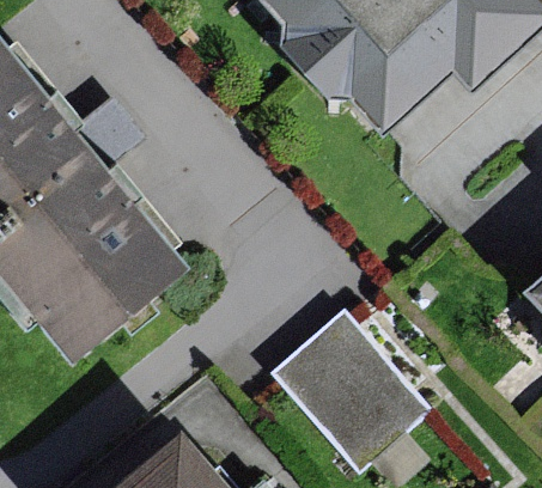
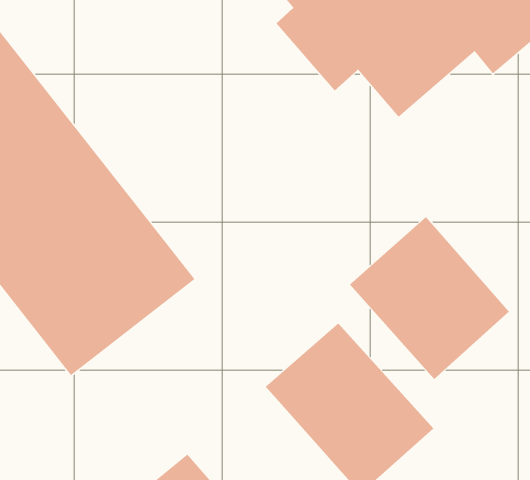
building: none -> [349,216,510,380]

